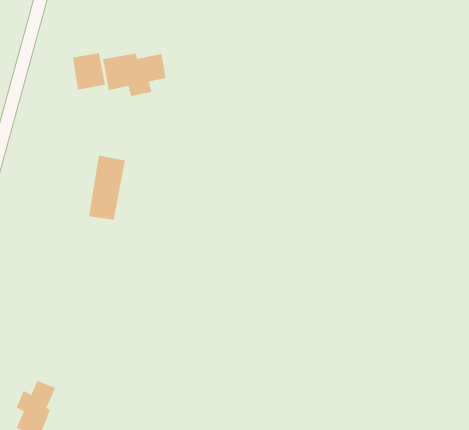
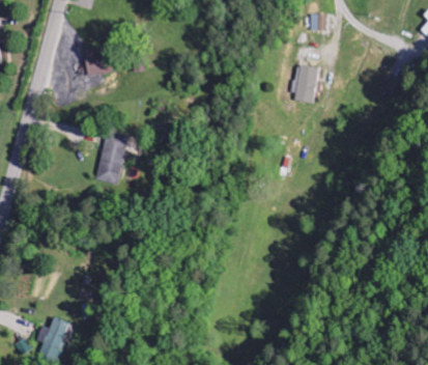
building: [102,53,166,97] -> none
building: none -> [290,64,318,103]

